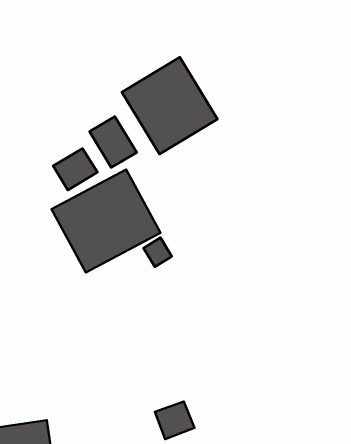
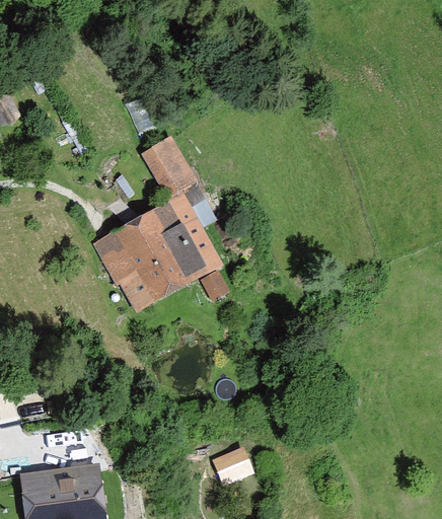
building: [122,57,217,154] -> none
building: [53,148,98,190] -> none

